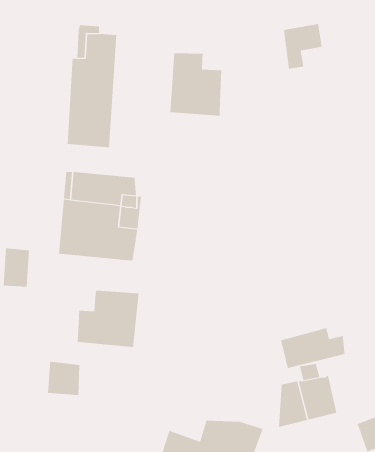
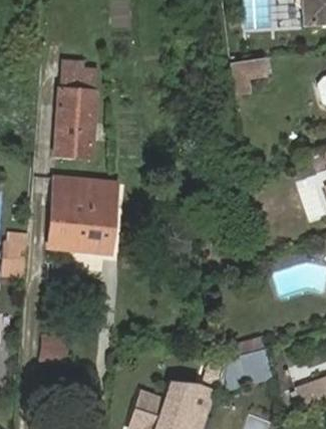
building: [170,53,222,116] -> none
building: [77,290,139,348] -> none
building: [280,327,345,369] -> none

